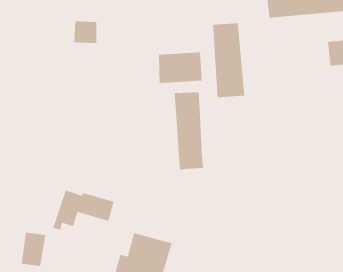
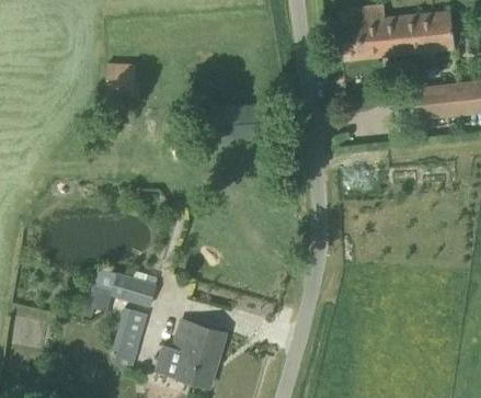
building: [212,23,245,98] -> none
building: [174,92,203,170] -> none
building: [21,232,46,267] -> [114,307,145,349]

